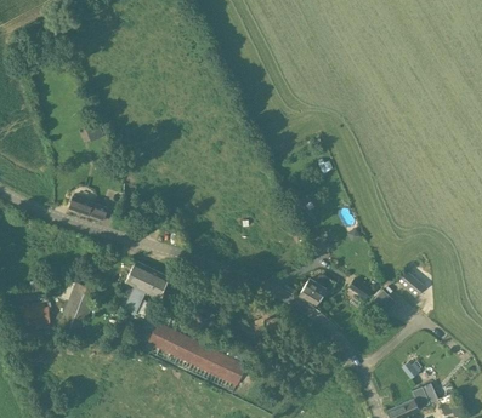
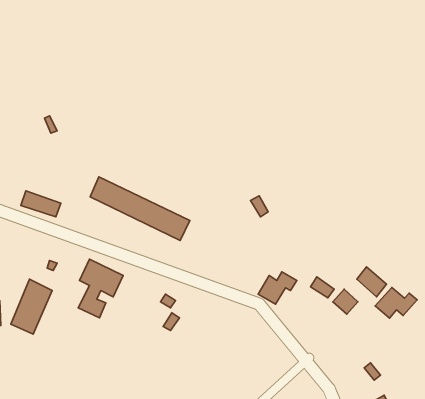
building: none -> [375,287,417,318]
building: [151,323,248,385] -> [90,177,190,241]

